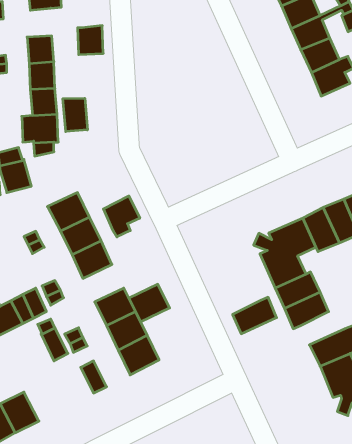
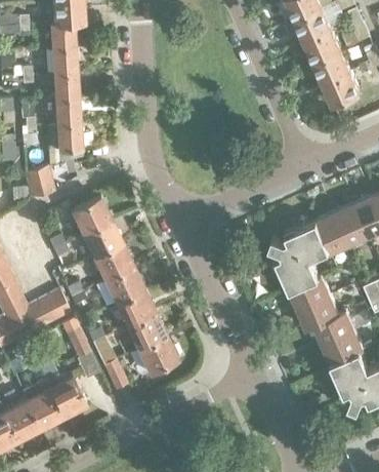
building: [78,26,103,55] -> [50,22,75,49]
building: [63,98,87,132] -> none
building: [103,196,140,237] -> none
building: [129,284,170,322] -> [104,267,143,303]
building: [233,297,277,334] -> [312,309,354,344]
building: none -> [45,377,86,417]

